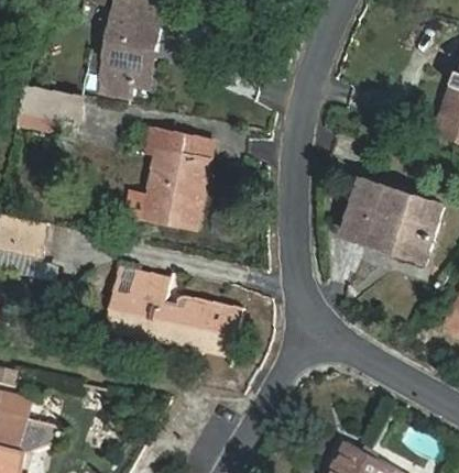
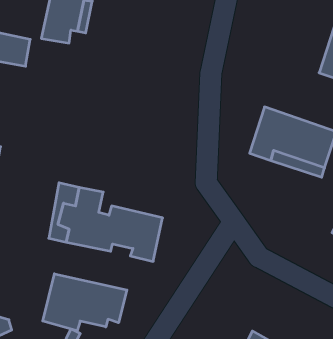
building: [140,132,209,230] -> none
building: none -> [43,274,127,331]

